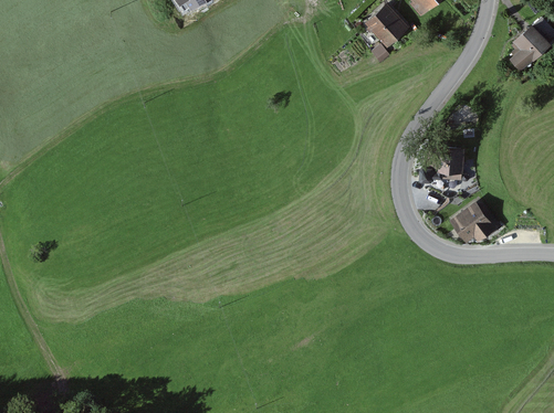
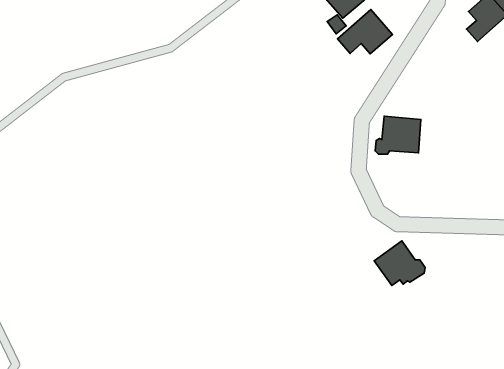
building: none -> [338,10,393,54]
building: [449,199,500,243] -> [374,241,425,285]

